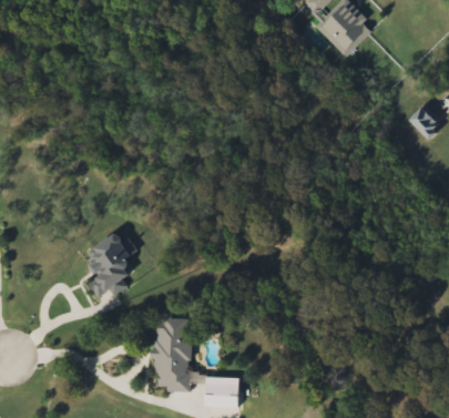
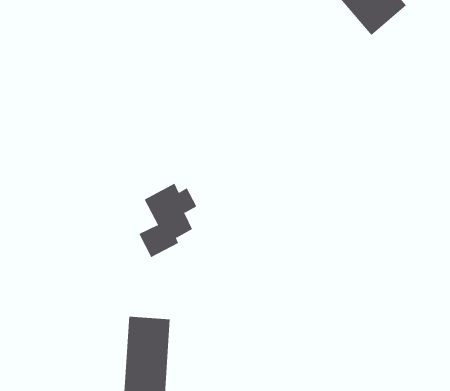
building: [88,233,136,299] -> [139,183,197,258]

